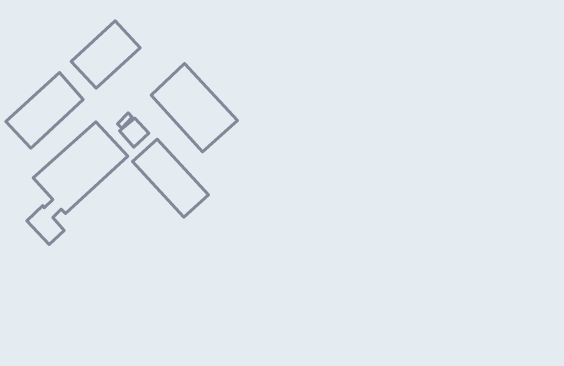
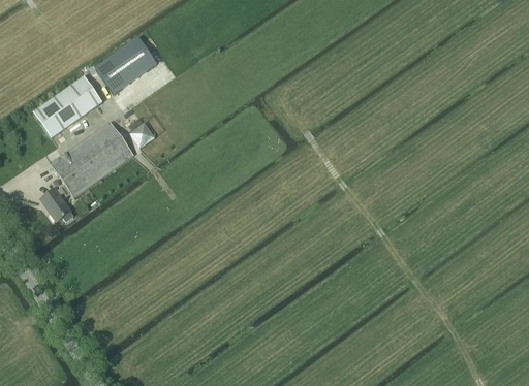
building: [151,63,237,152] -> none
building: [132,139,209,217] -> none

